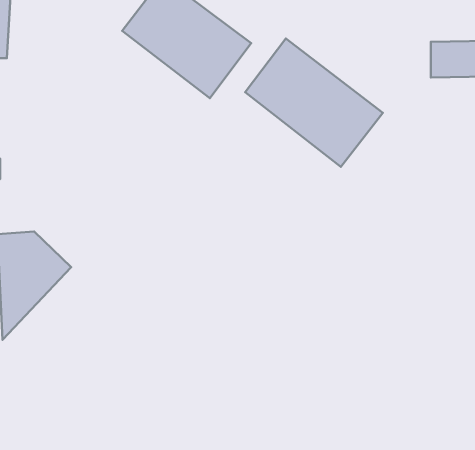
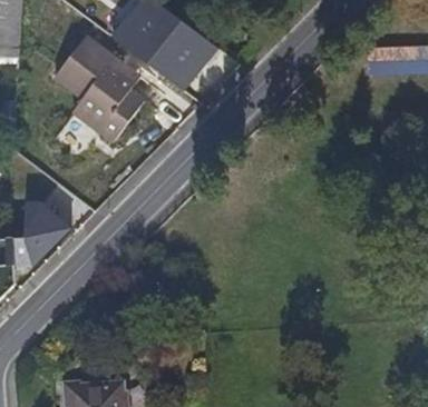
building: none -> [55,34,142,141]
building: [245,39,383,167] -> none

